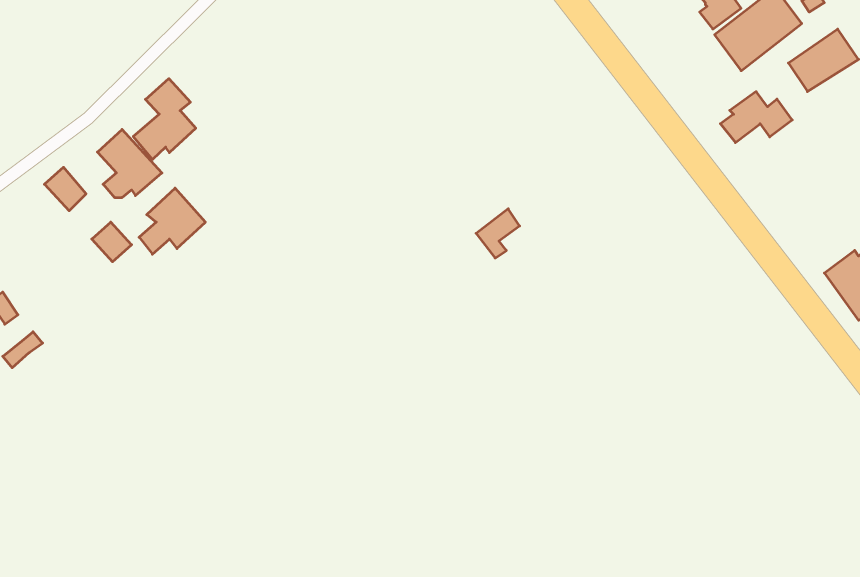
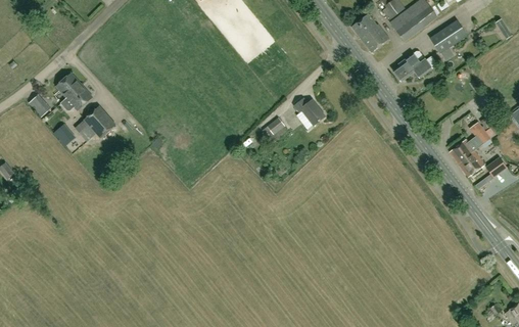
building: none -> [351,13,389,52]
building: [133,79,196,159] -> none
building: none -> [294,98,326,129]

